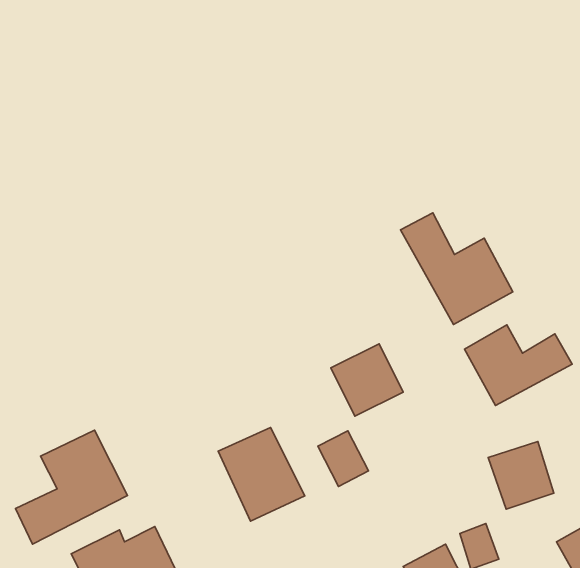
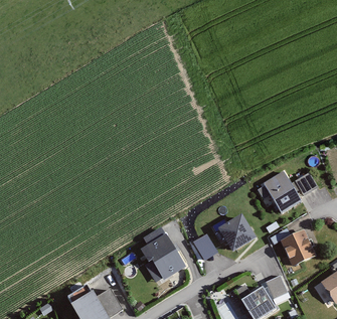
building: [401,213,513,324] -> none
building: [331,344,403,416] -> [215,214,254,253]
building: [15,430,127,544] -> none

